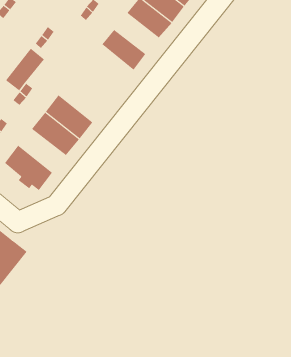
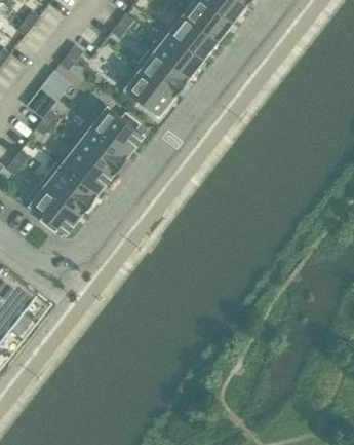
building: none -> [151,30,202,77]
building: none -> [121,66,173,115]
building: none -> [87,103,143,155]
building: none -> [41,162,96,213]

